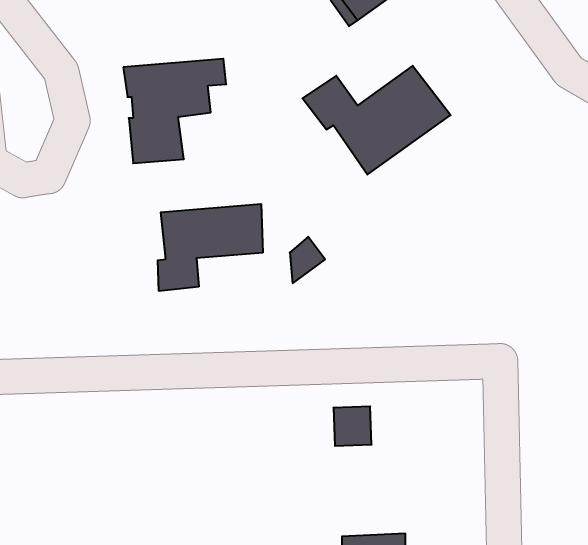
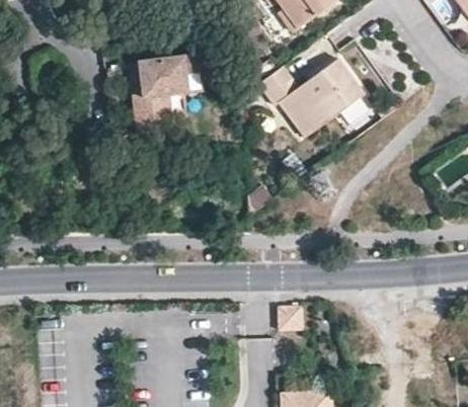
building: [158,204,263,291] -> none

